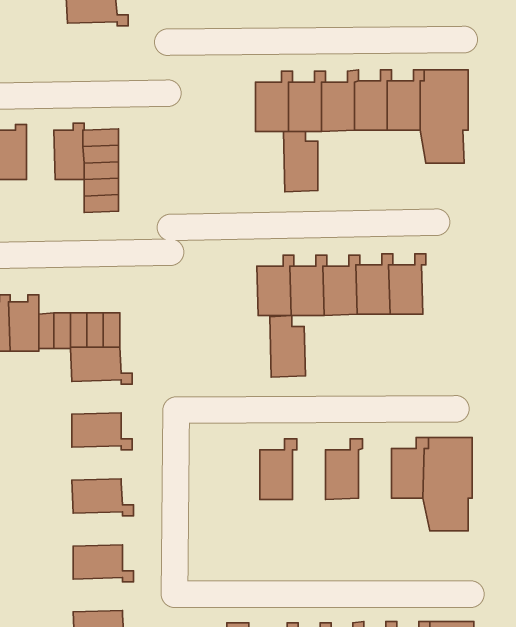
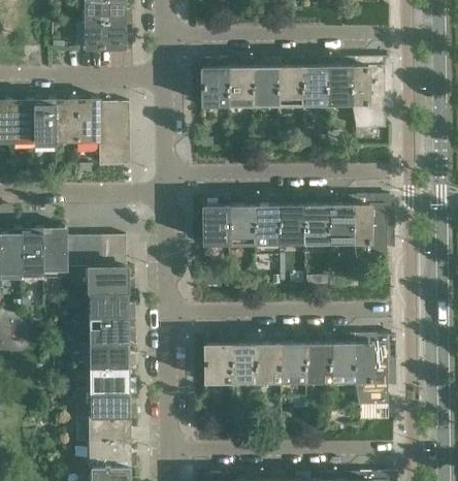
building: none -> [85,24,130,52]
building: none -> [54,100,75,142]
building: [283,132,318,192] -> [200,62,226,107]
building: none -> [351,198,388,268]
building: [270,315,306,377] -> [201,199,228,246]
building: none -> [88,293,133,321]
building: none -> [303,336,331,382]
building: none -> [203,338,229,384]
building: none -> [254,338,282,383]
building: none -> [88,343,133,371]
building: none -> [89,392,134,420]
building: none -> [89,442,134,470]

